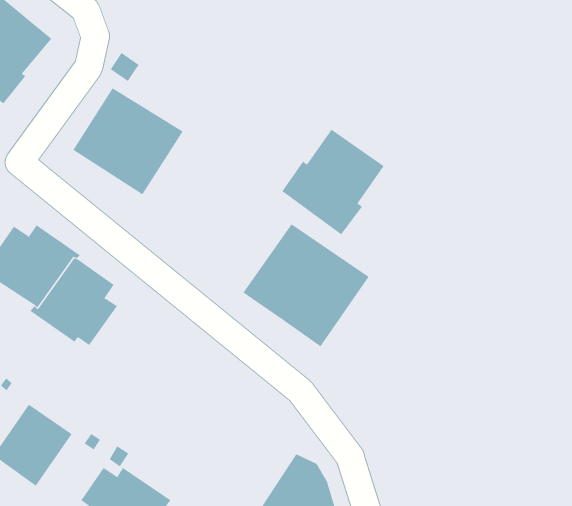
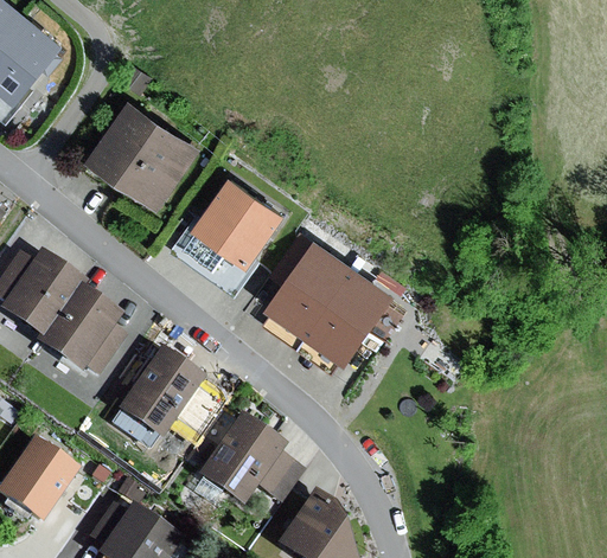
building: [281,129,385,235] -> [173,181,281,293]
building: none -> [120,344,216,448]
building: none -> [199,408,307,504]

